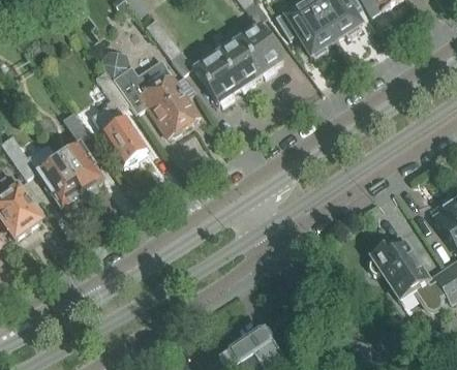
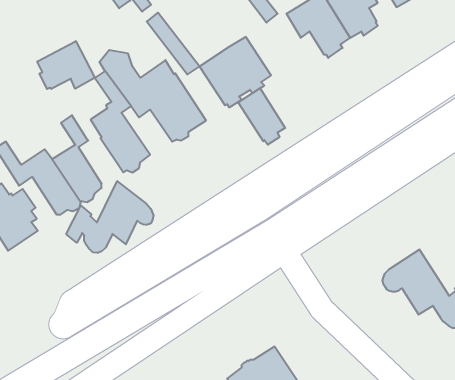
building: [237,24,281,76] -> [238,88,285,145]
building: none -> [37,41,95,89]
building: none -> [66,181,154,253]

